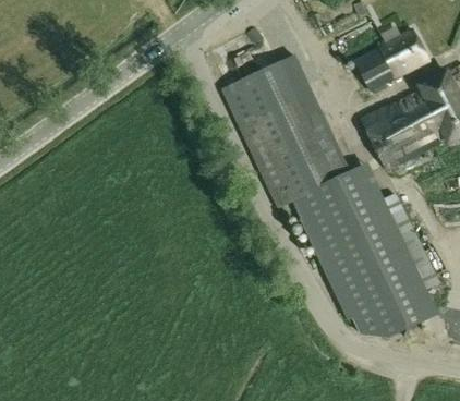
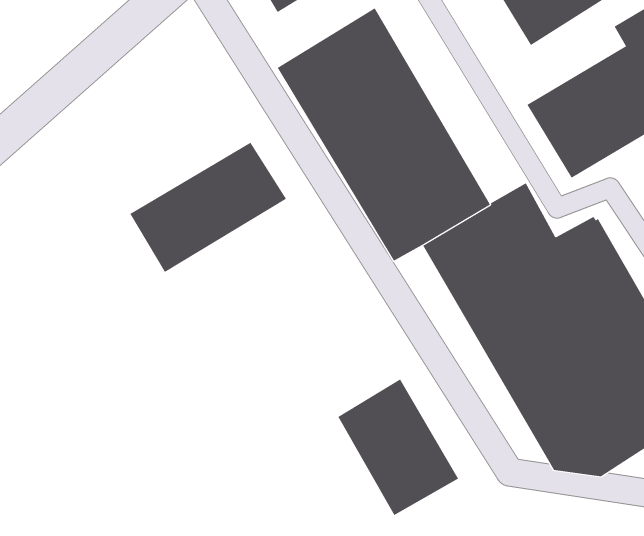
building: none -> [130,142,287,273]
building: none -> [337,378,459,516]

